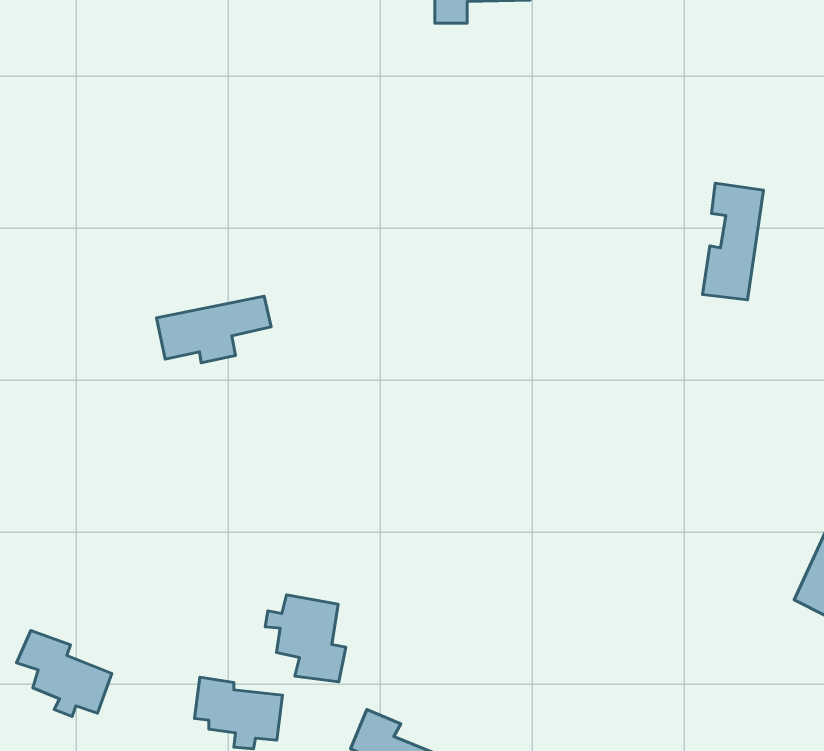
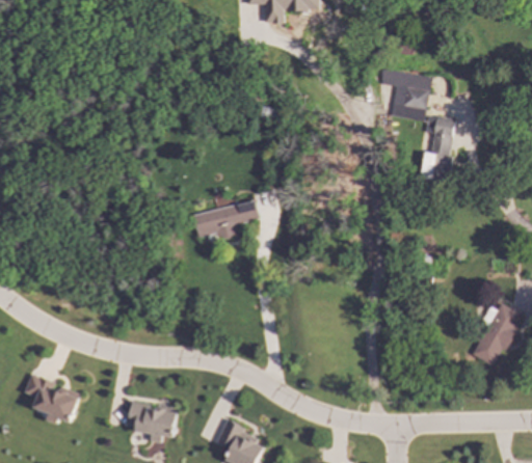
building: none -> [379,69,430,121]
building: [156,296,271,363] -> [191,200,258,239]
building: [265,595,346,682] -> none

